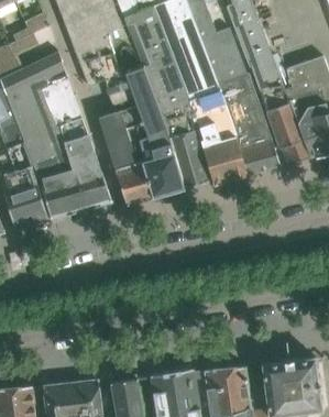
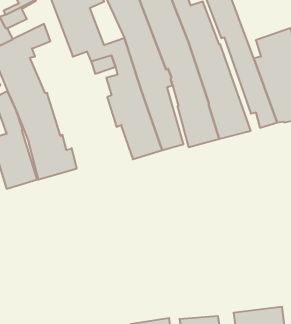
building: [42,77,112,207] -> none
building: [99,109,153,205] -> none

